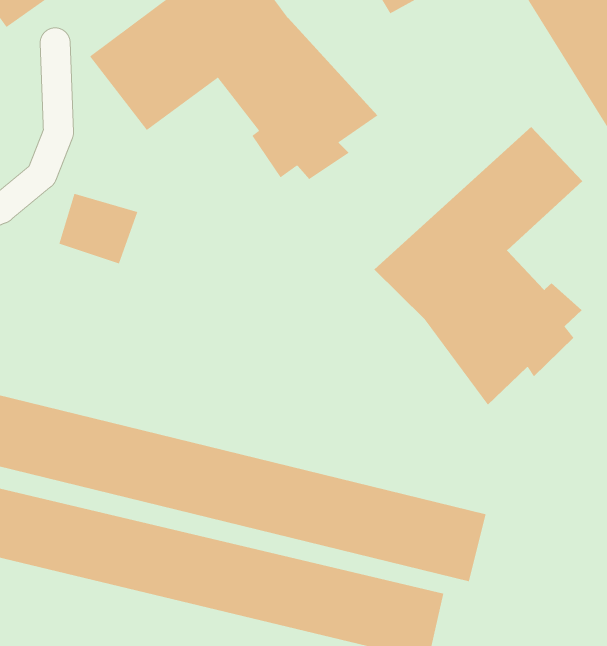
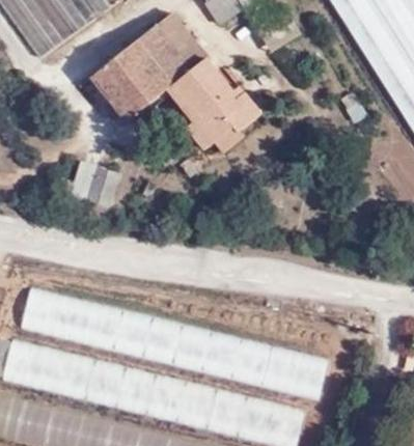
building: [373,126,583,405] -> none

